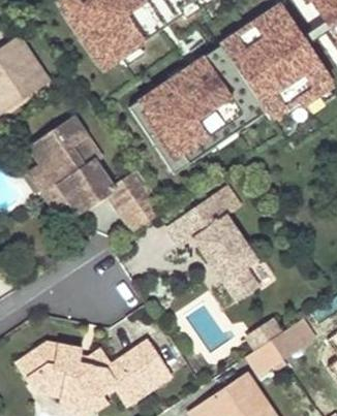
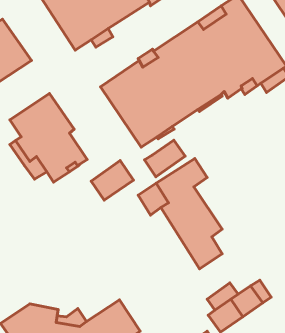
building: [105,169,150,210] -> [145,140,185,177]

